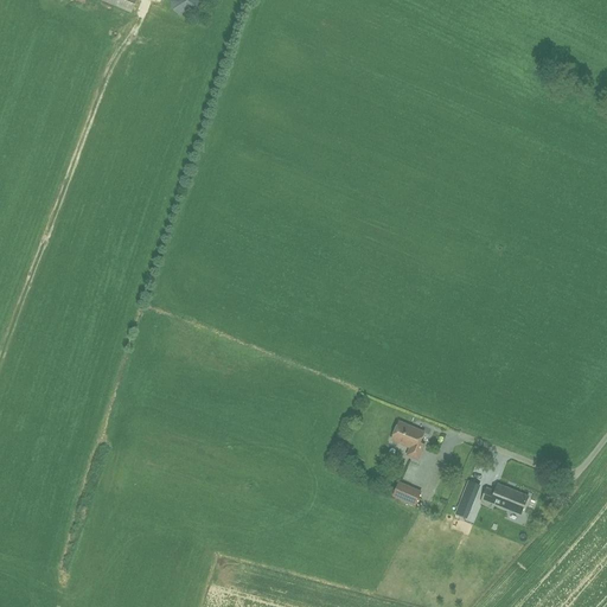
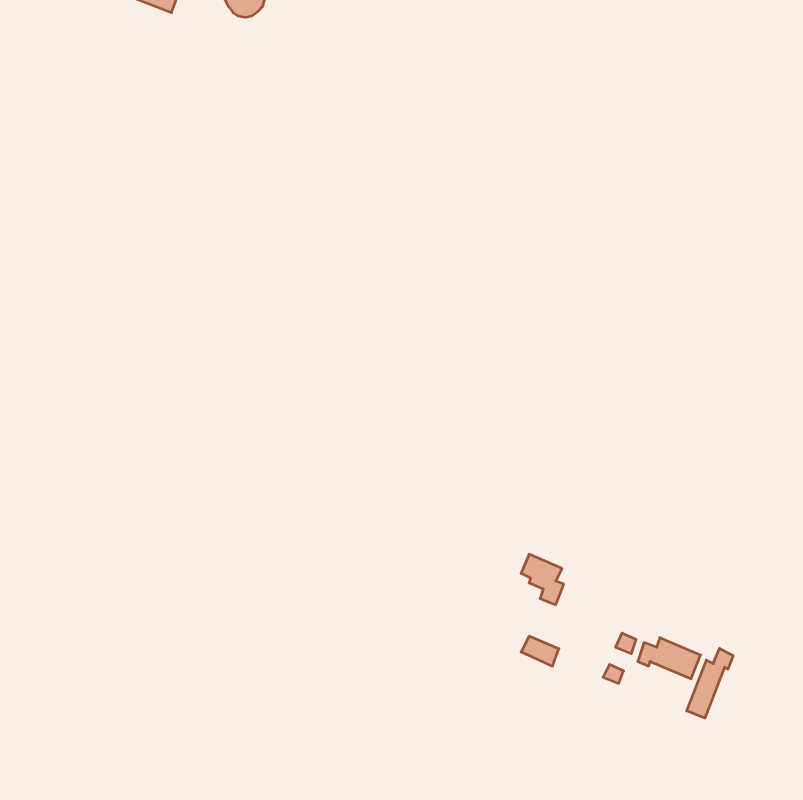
building: none -> [687,648,733,718]

